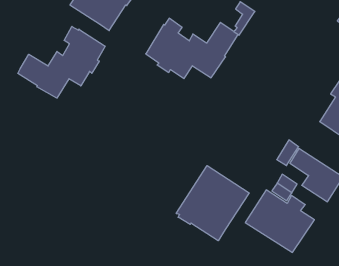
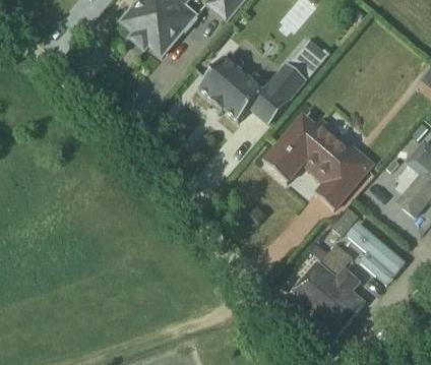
building: [18,26,105,98] -> none
building: none -> [263,115,372,208]
building: [176,166,249,241] -> none

